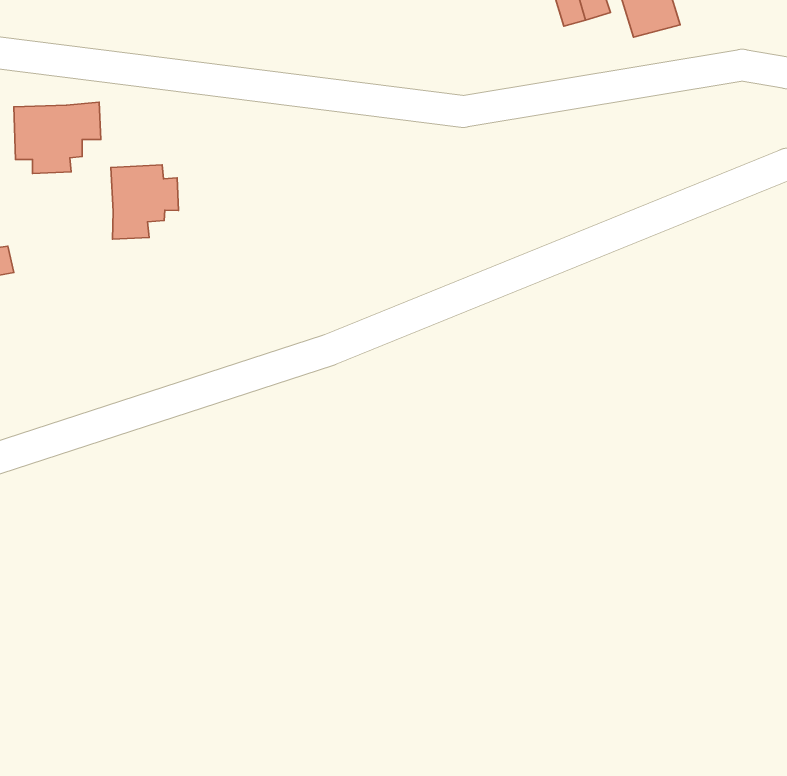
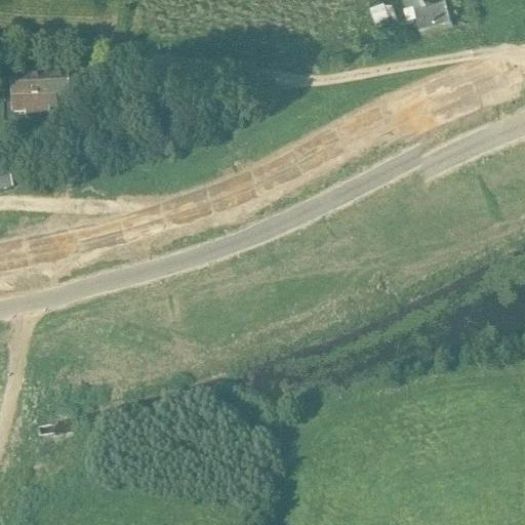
building: [111,165,179,239] -> none

